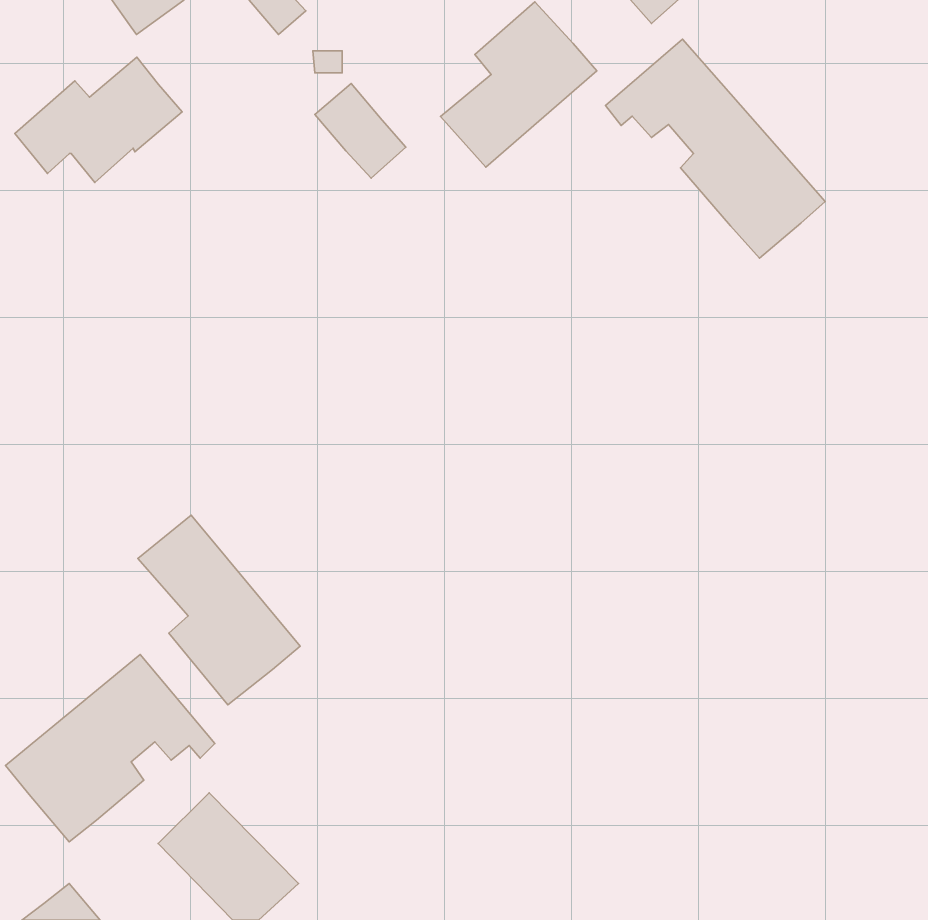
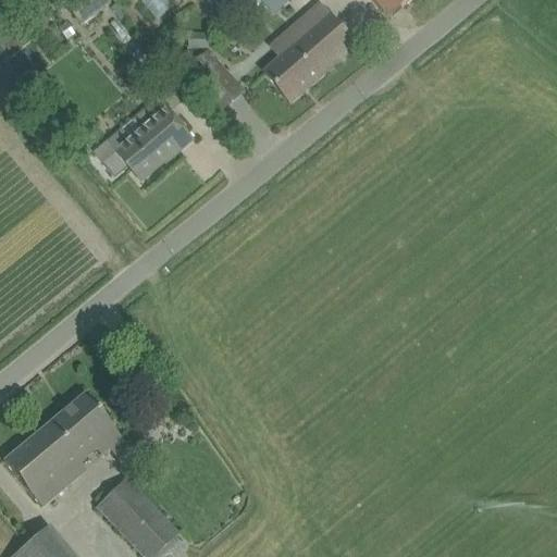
building: [606,39,825,258] -> none
building: [15,57,182,183] -> [95,103,195,178]
building: [138,515,300,705] -> none

